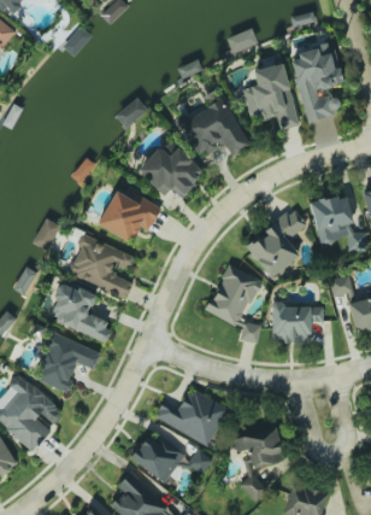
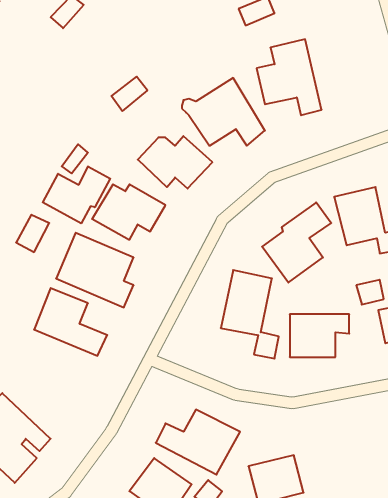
building: [292,49,343,119] -> none
building: none -> [43,166,110,223]
building: [35,329,100,391] -> none

